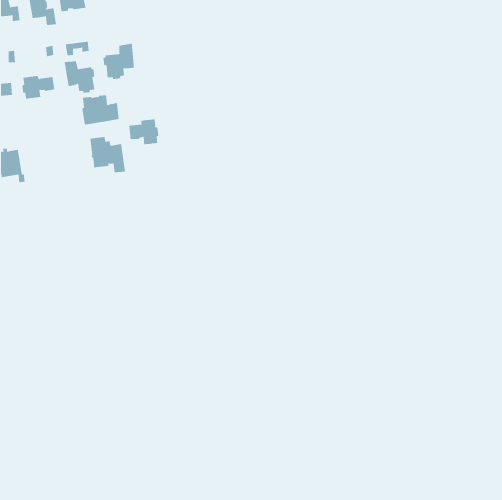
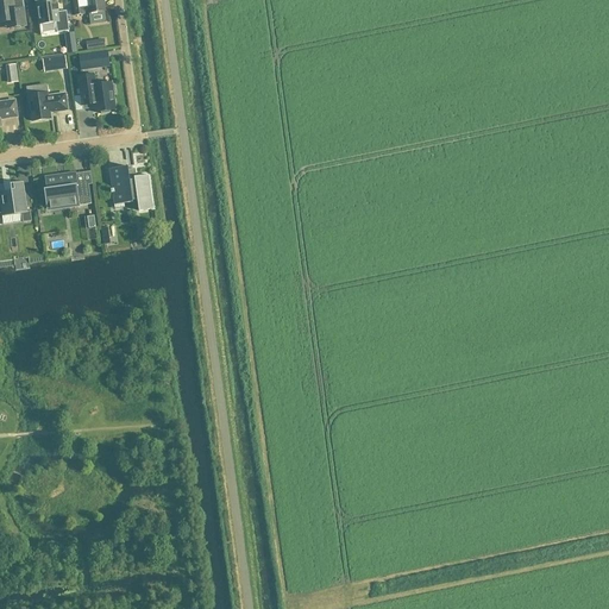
building: [103,43,134,80] -> none
building: [81,95,120,125] -> [44,172,90,209]
building: [129,119,159,145] -> none

